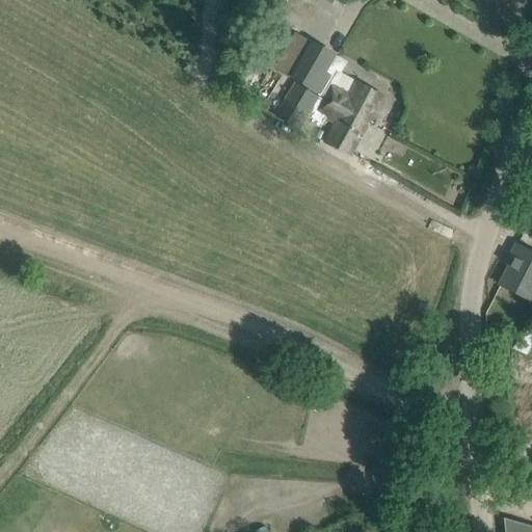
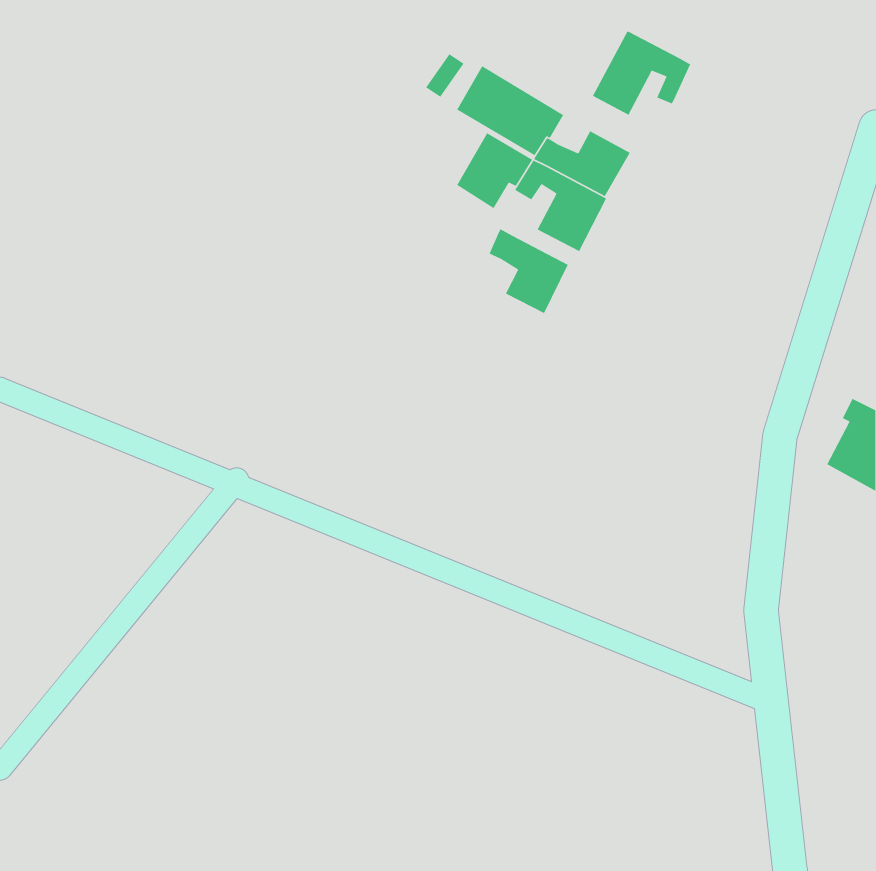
building: none -> [592,31,691,116]
building: none -> [488,228,569,314]

